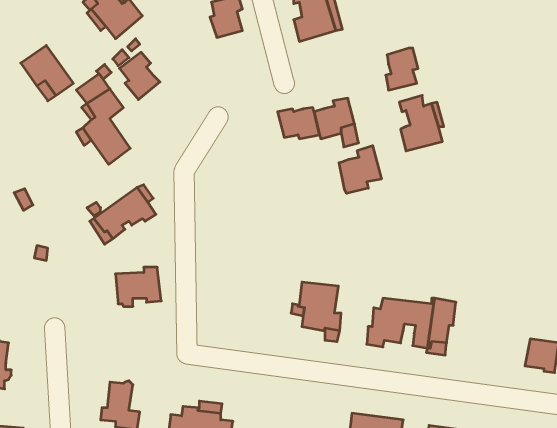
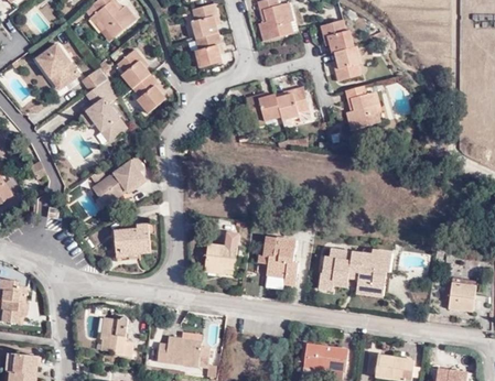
building: none -> [321,19,353,53]
building: none -> [196,32,222,67]
building: none -> [132,74,165,113]
building: [339,146,381,193] -> none
building: none -> [205,243,237,269]

